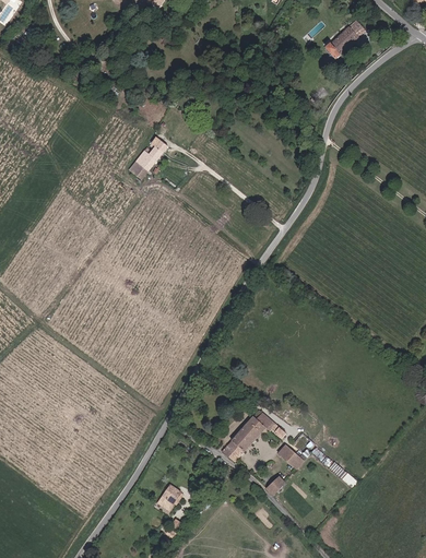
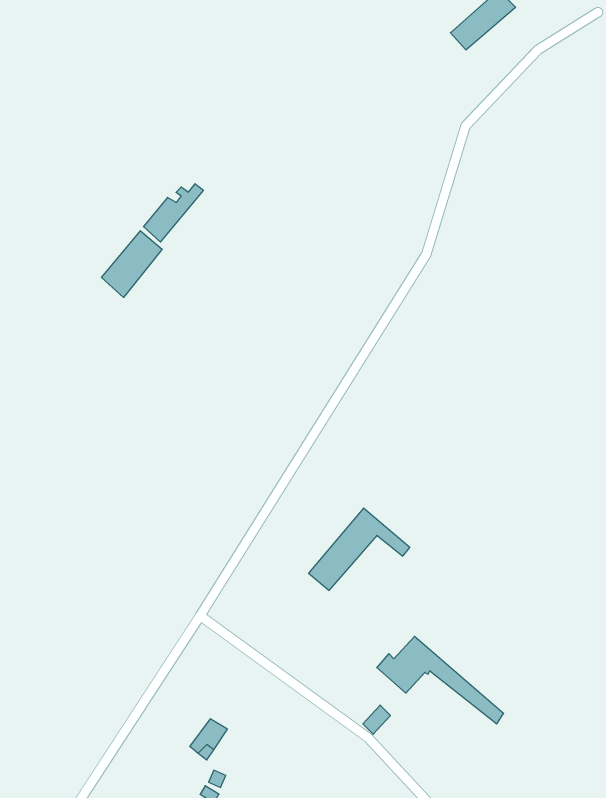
building: none -> [102,231,162,297]
building: [222,408,286,461] -> [309,508,410,590]

